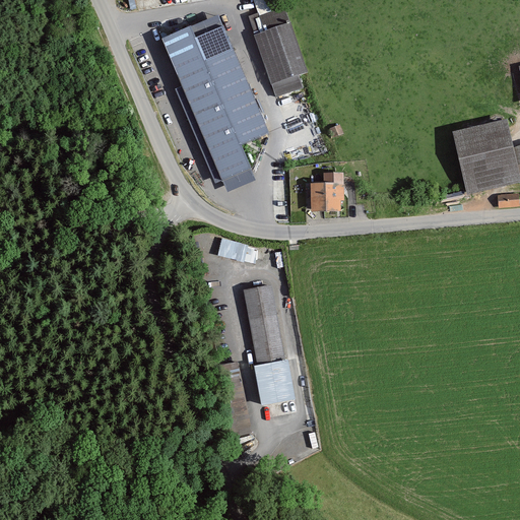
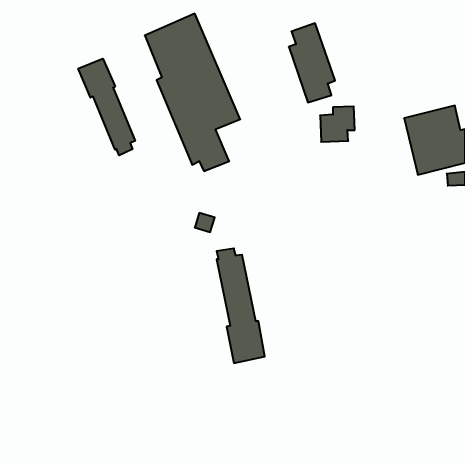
building: [255,8,307,96] -> [289,23,335,102]
building: none -> [78,59,135,155]
building: [310,172,348,211] -> [320,106,355,142]

